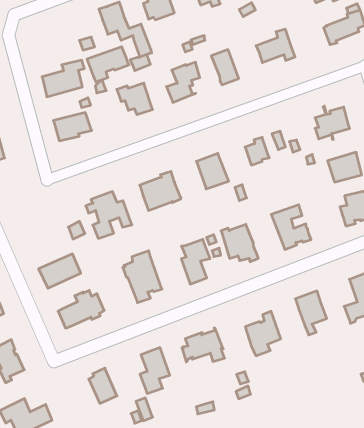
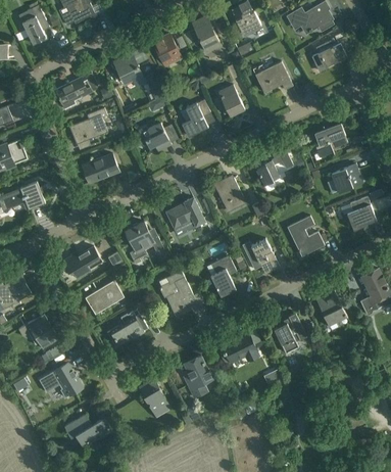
building: [87,47,129,82] -> [54,76,92,109]
building: none -> [63,246,102,277]

